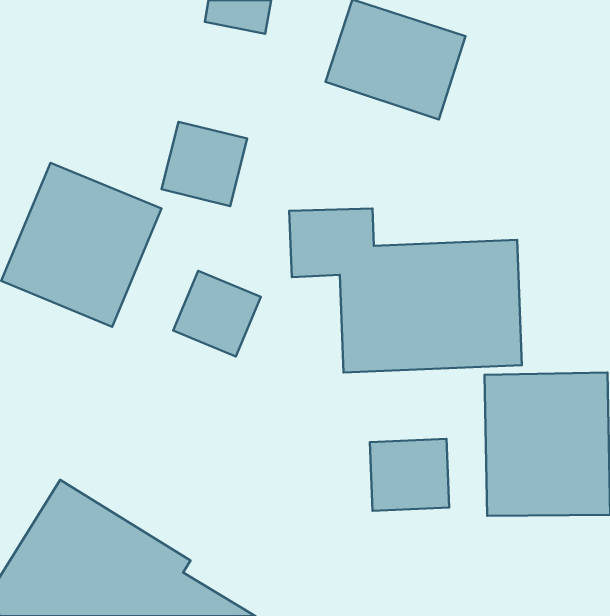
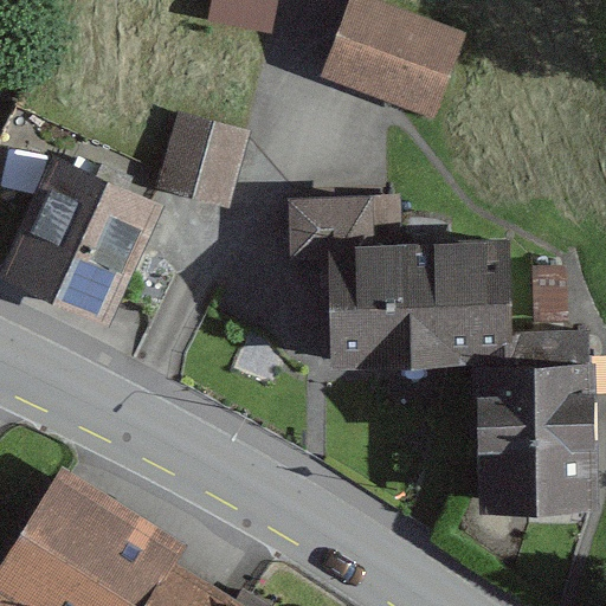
building: [173,271,261,356] -> none
building: [370,439,449,511] -> none

